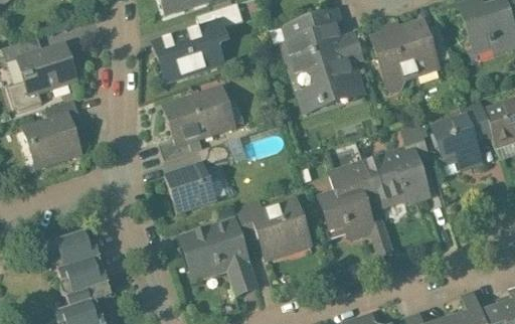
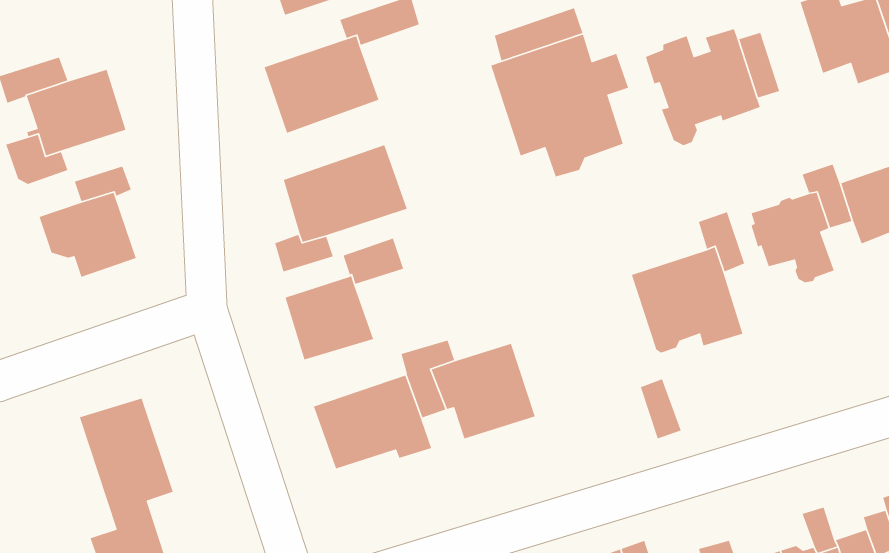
building: [322,161,379,235] -> none
building: [228,261,259,294] -> none

